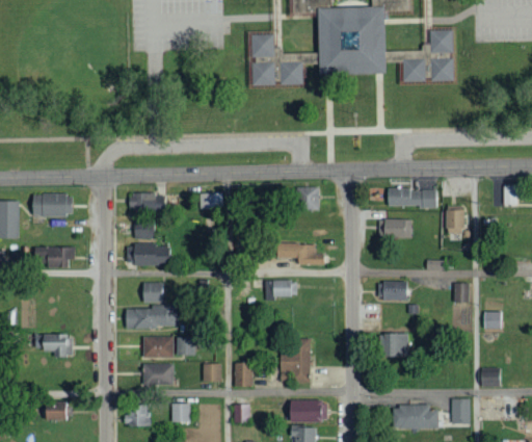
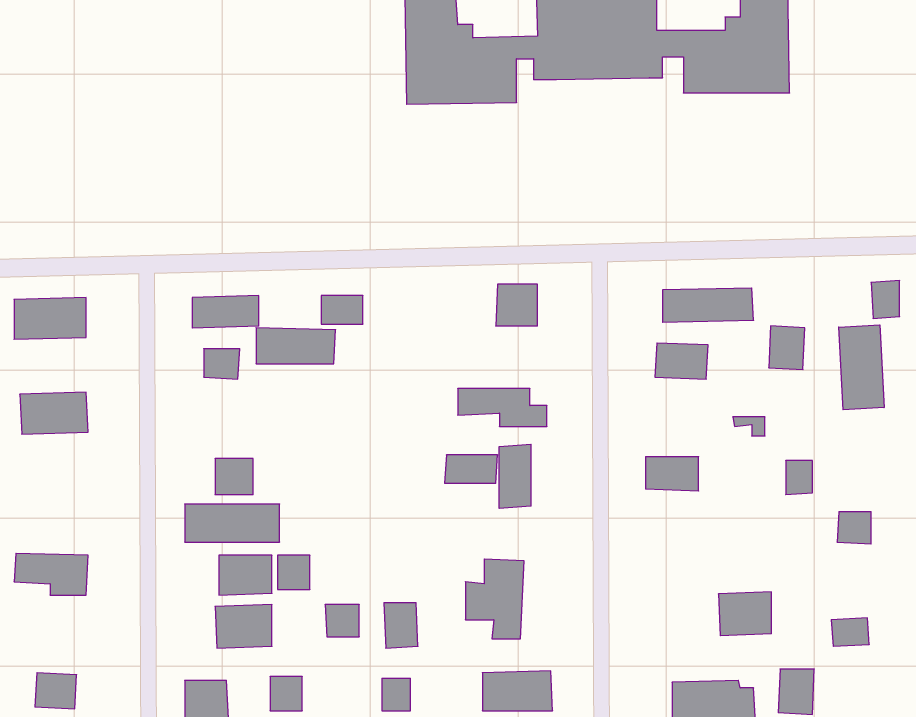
building: none -> [839,325,884,410]
building: [127,245,170,265] -> [256,328,336,364]
building: none -> [499,444,531,508]
building: [379,332,408,356] -> [718,592,771,636]

